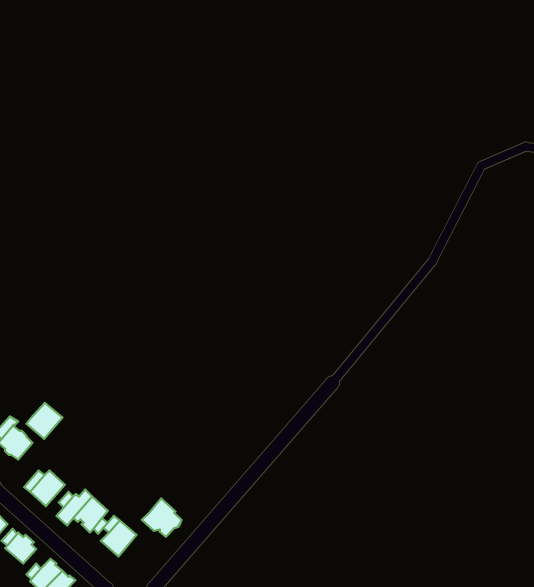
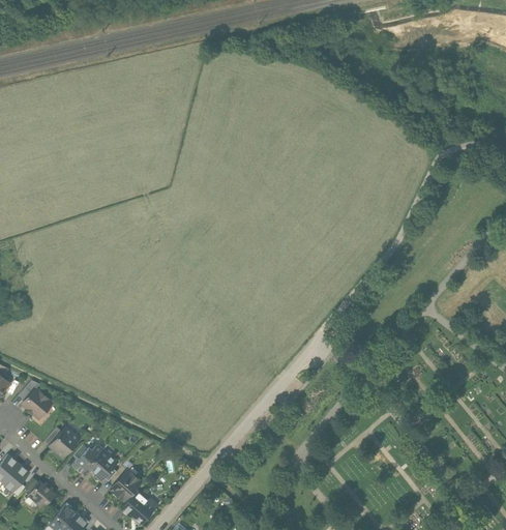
building: [26,403,63,439] -> none
building: [142,498,181,537] -> [120,490,154,523]

